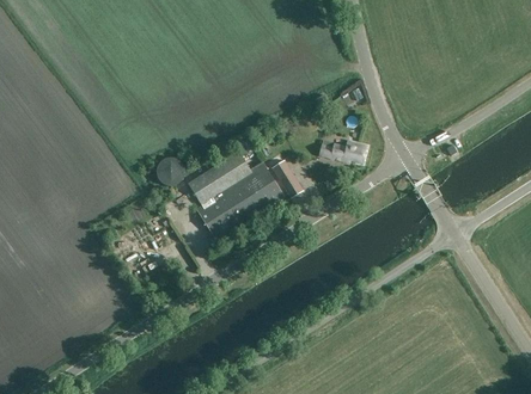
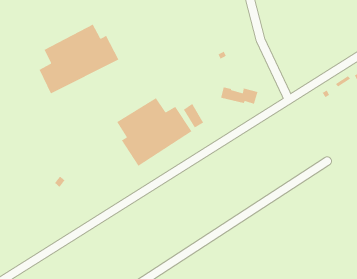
building: none -> [39,24,119,94]
building: [155,156,184,185] -> none

